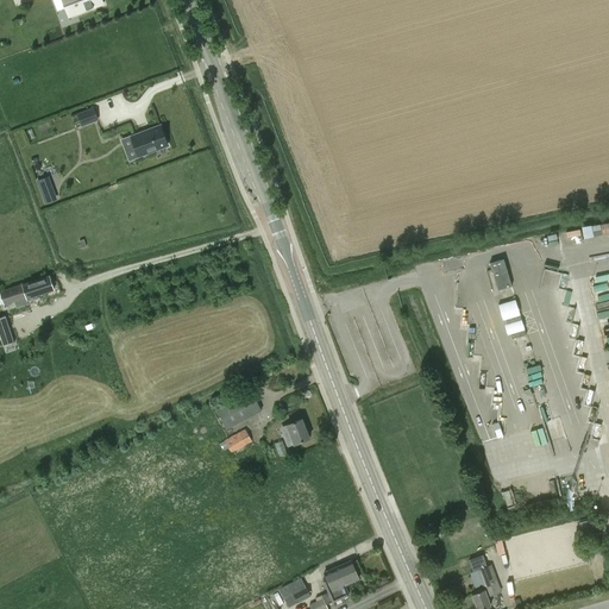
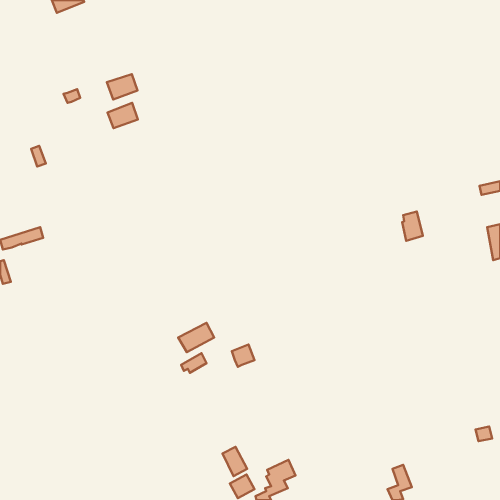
building: none -> [107,74,138,99]
building: none -> [222,447,247,476]

